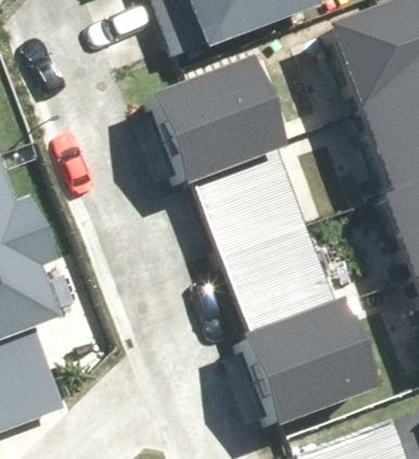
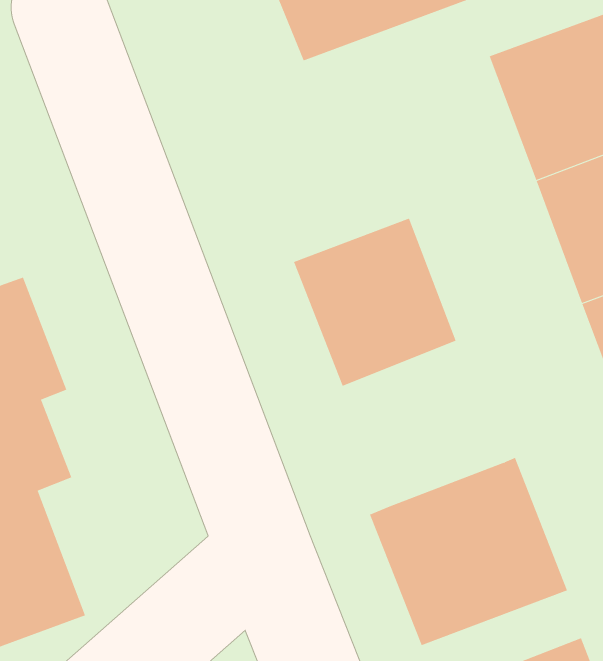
building: [153,53,287,180] -> none
building: [232,226,337,332] -> none

